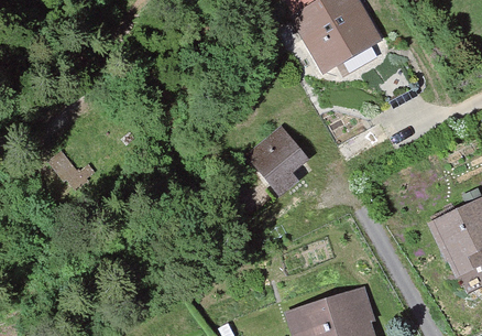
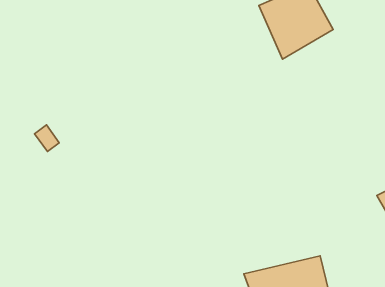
building: [244,124,311,192] -> none

